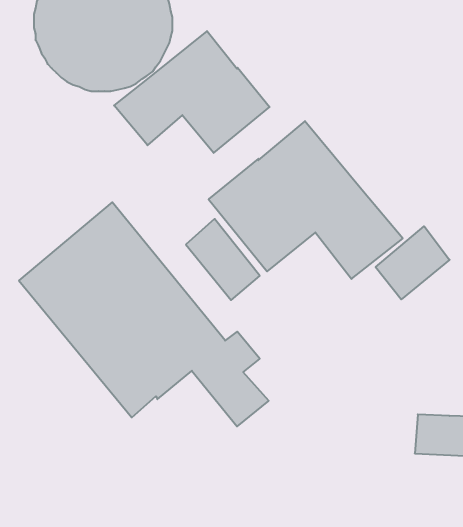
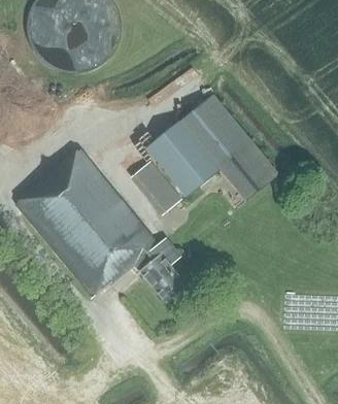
building: [114,31,270,153] -> none
building: [376,226,450,299] -> none

